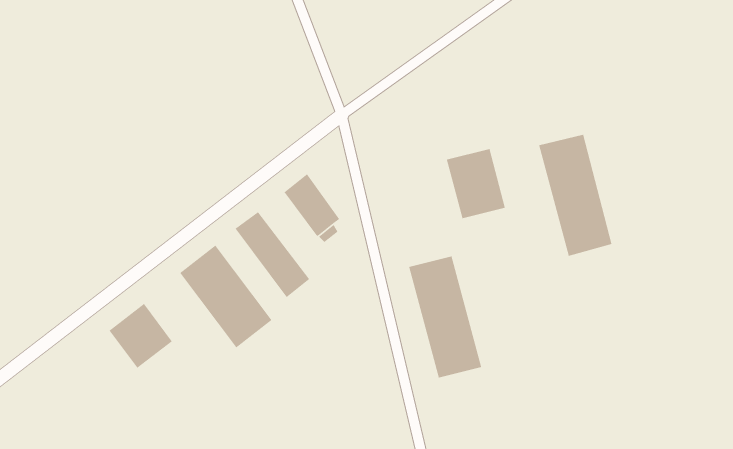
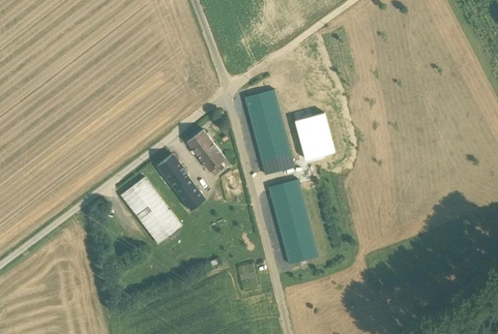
building: [538,134,612,257] -> [244,89,293,170]
building: [108,303,173,369] -> none

